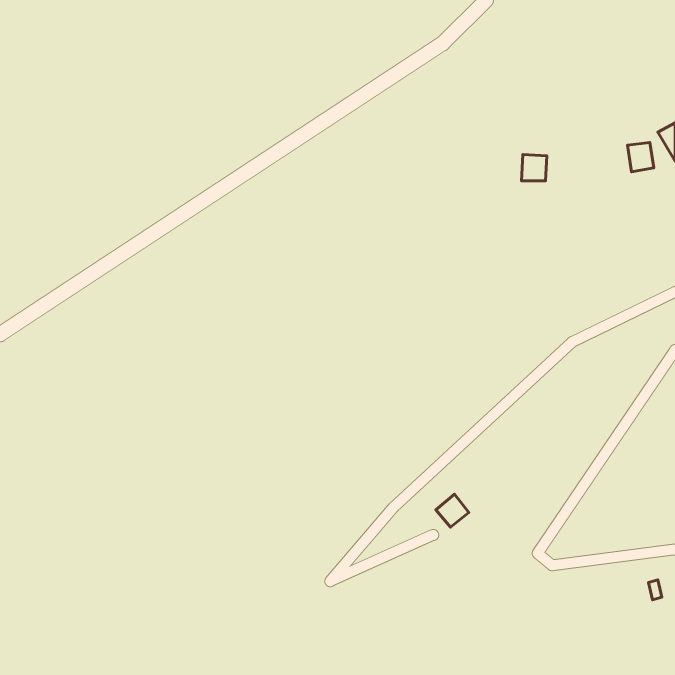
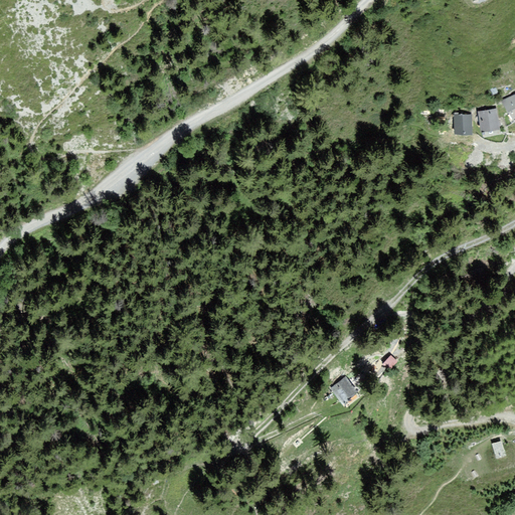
building: [522,154,547,181] -> [453,114,472,134]

